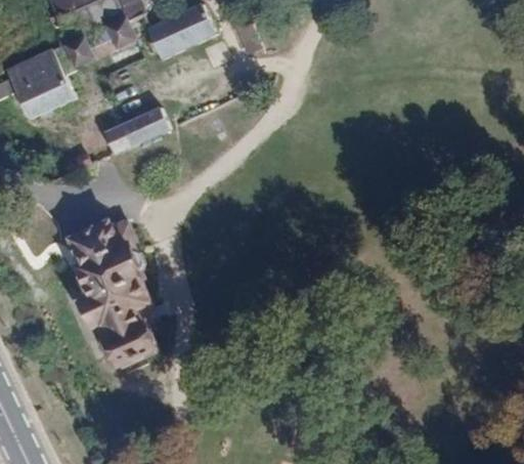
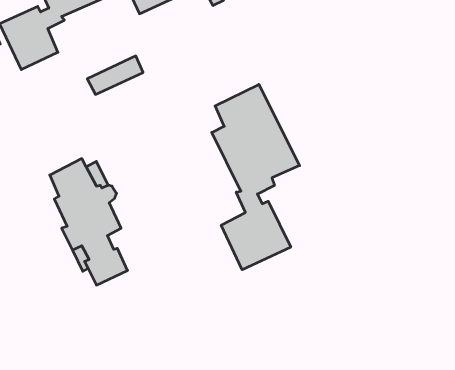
building: none -> [212,84,300,270]

